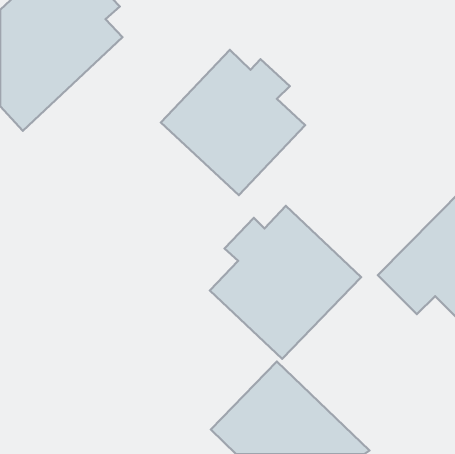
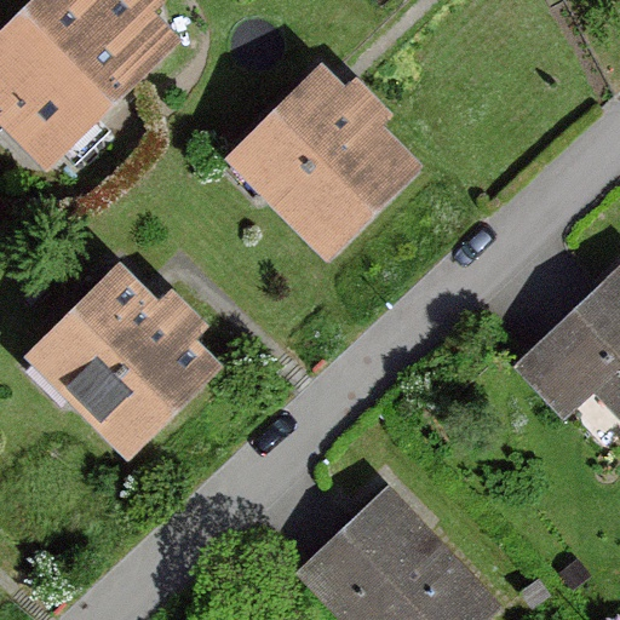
building: none -> [23,264,216,459]
building: [210,206,361,359] -> none

